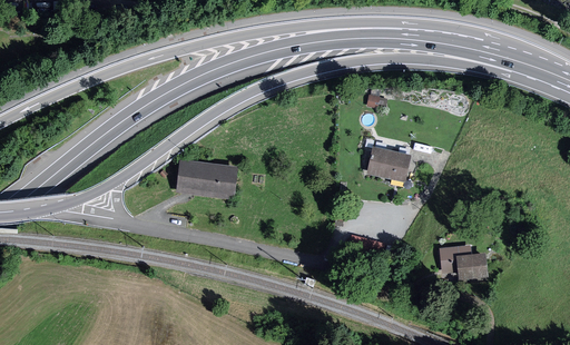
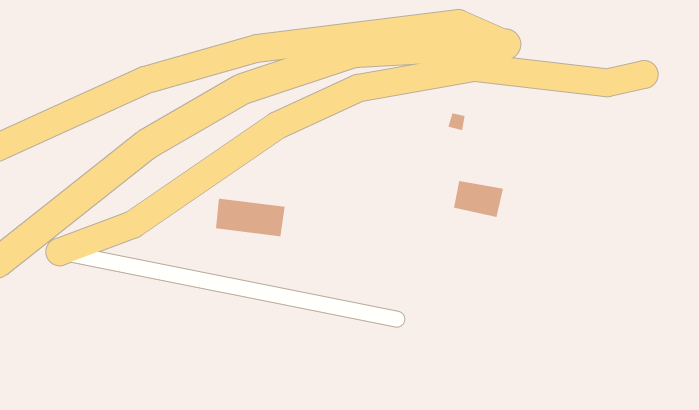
building: [441,245,487,282] -> none

